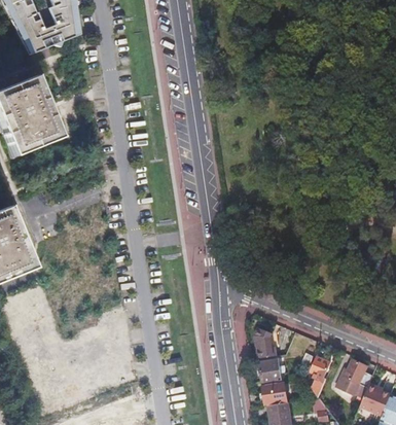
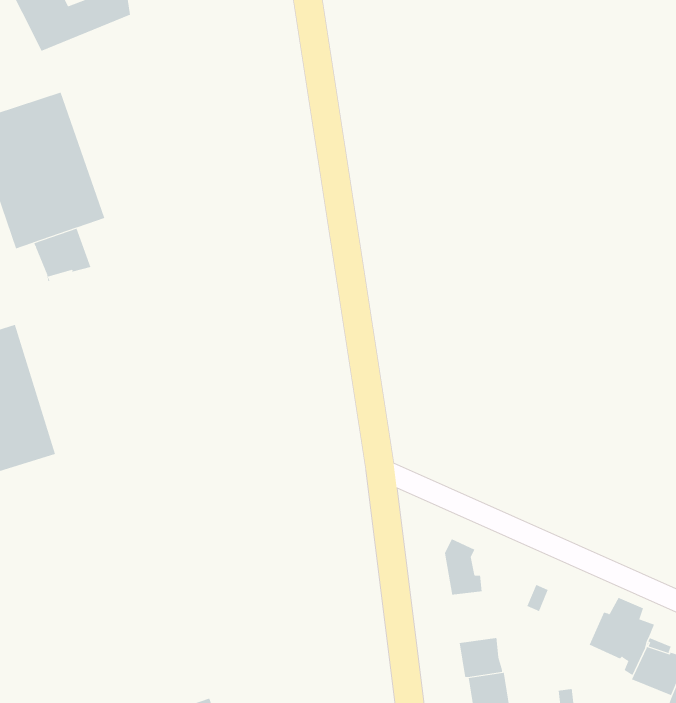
building: none -> [34,228,91,283]
building: [310,355,330,397] -> none
building: [258,359,281,383] -> none

